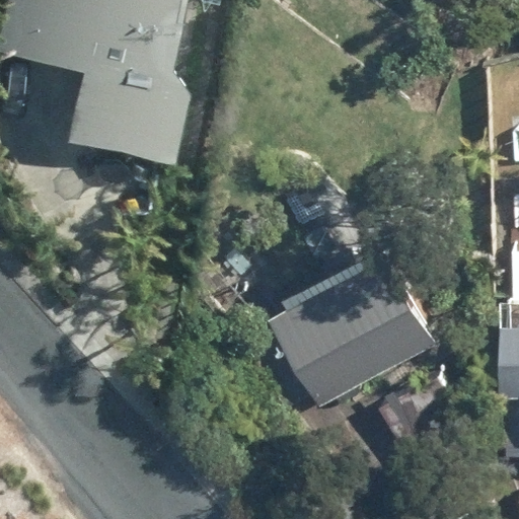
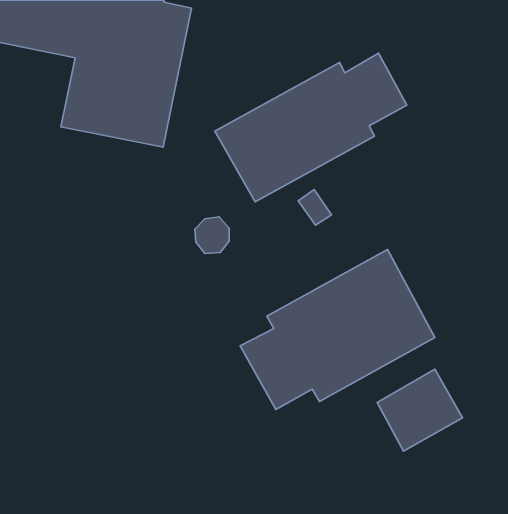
building: none -> [215,53,407,202]

